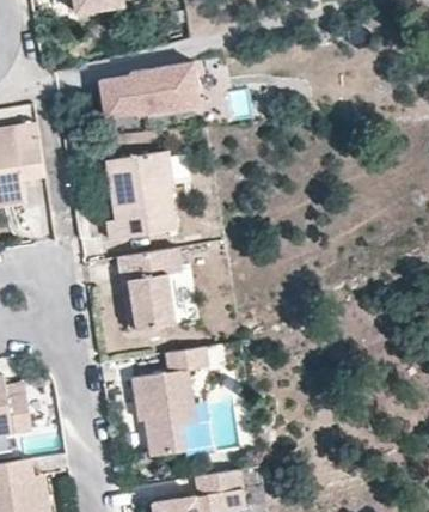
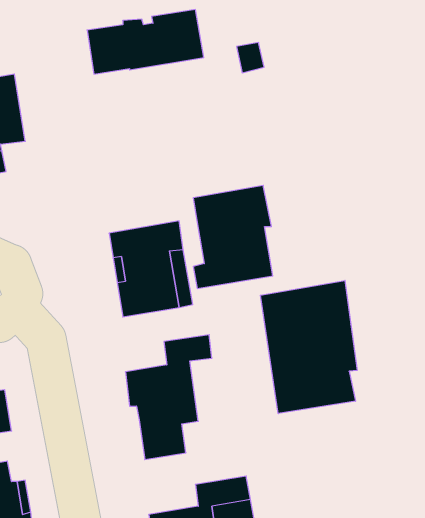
building: [105,151,174,240] -> [193,185,273,288]
building: none -> [260,280,357,414]

